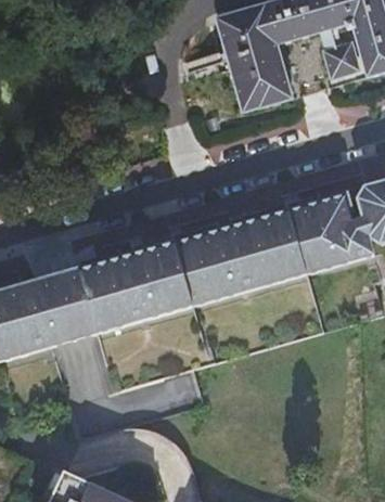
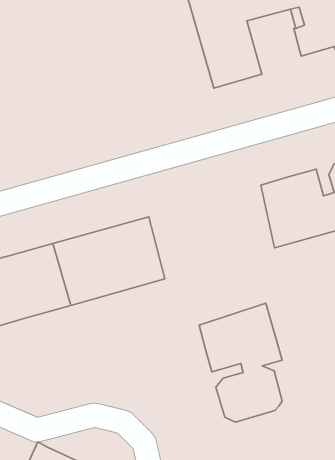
building: [178,208,306,304] -> none
building: none -> [199,303,282,422]

